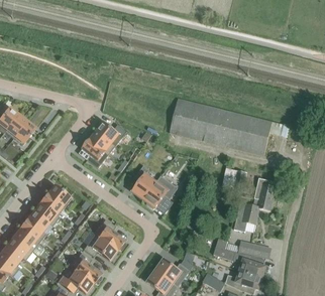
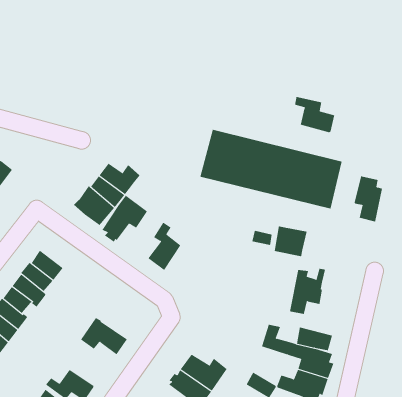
building: none -> [294,96,335,133]
building: [143,174,177,208] -> [101,195,148,242]
building: [253,177,275,210] -> [353,176,383,222]
building: [98,217,125,250] -> none
building: [74,252,101,283] -> none

